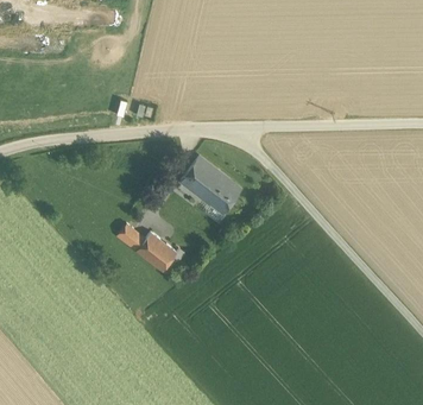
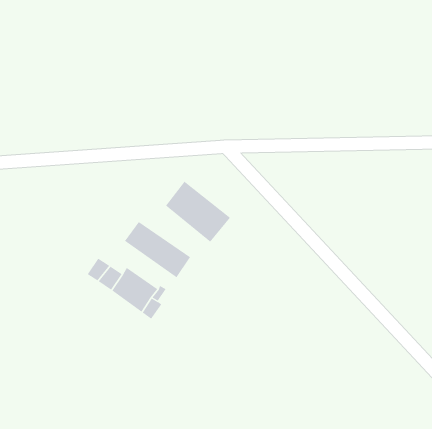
building: none -> [124,221,191,278]

